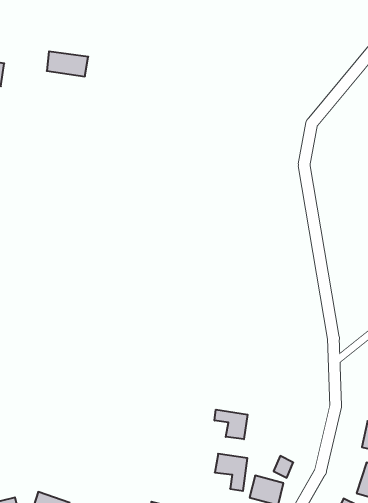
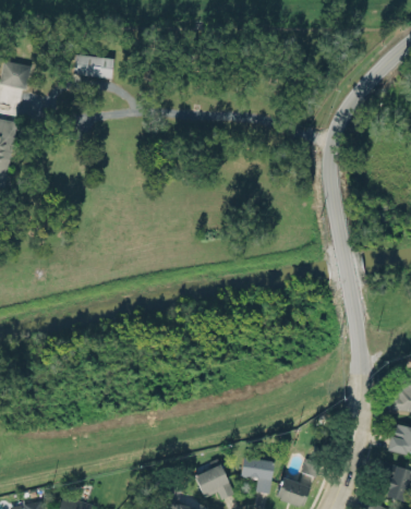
building: [215,410,248,439] -> none
building: none -> [195,464,235,499]

